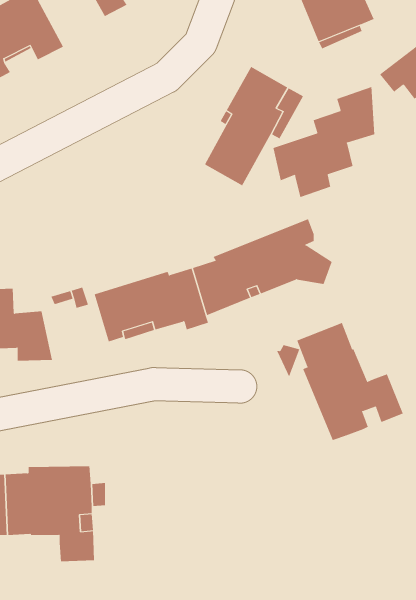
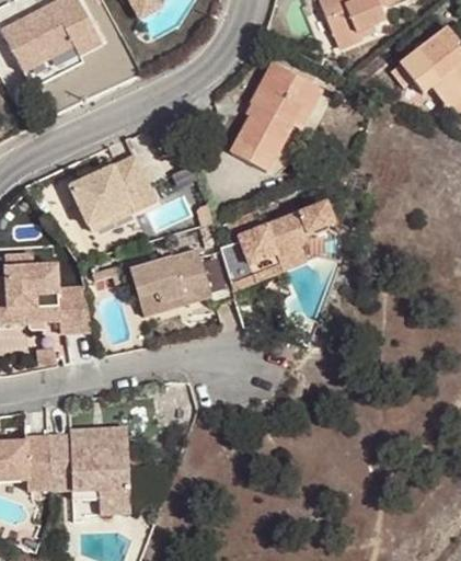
building: [273,86,375,198] -> none
building: none -> [69,154,154,229]
building: [297,322,404,441] -> none

